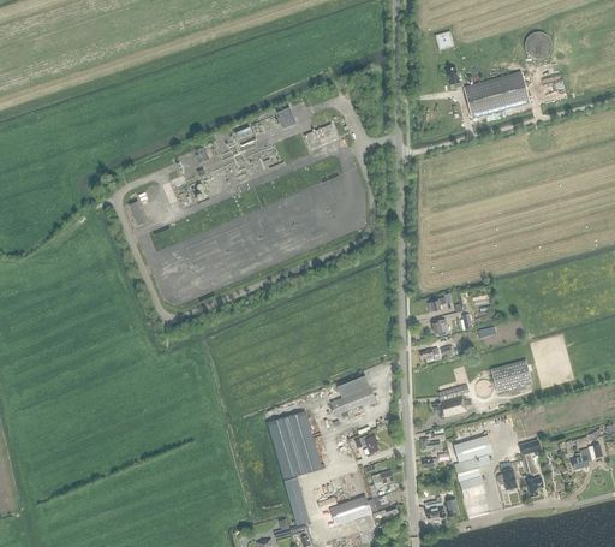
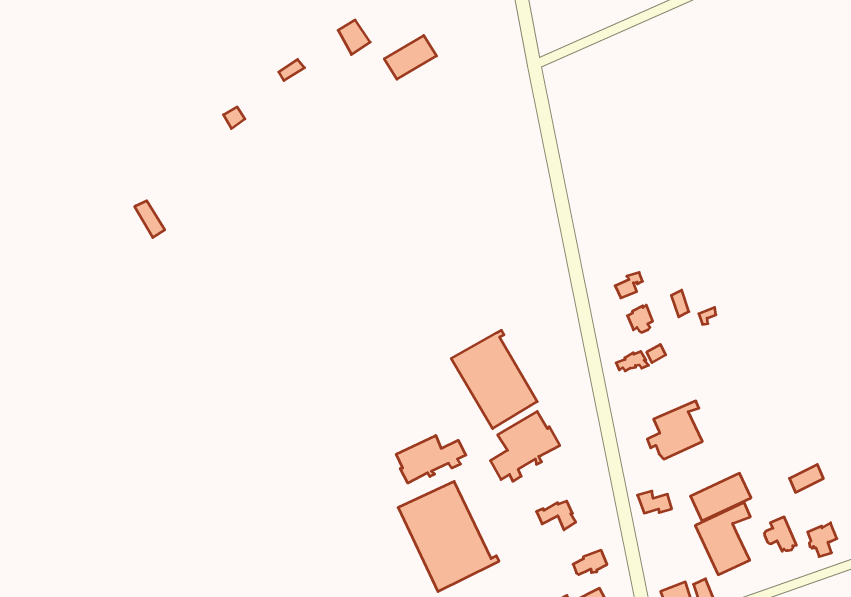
building: none -> [451,330,537,429]
building: [491,358,532,391] -> none
building: none -> [396,435,466,483]

